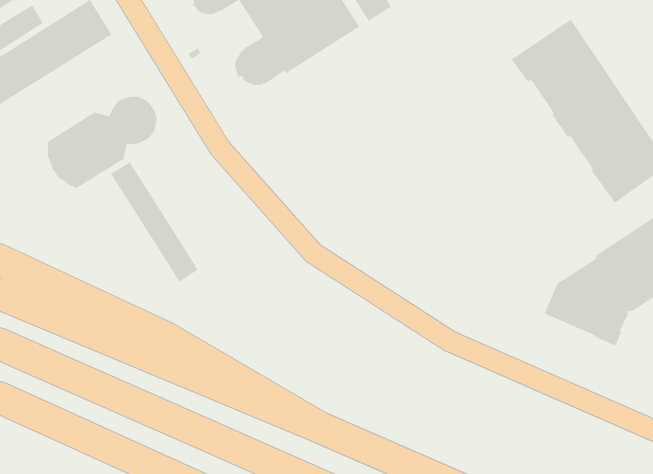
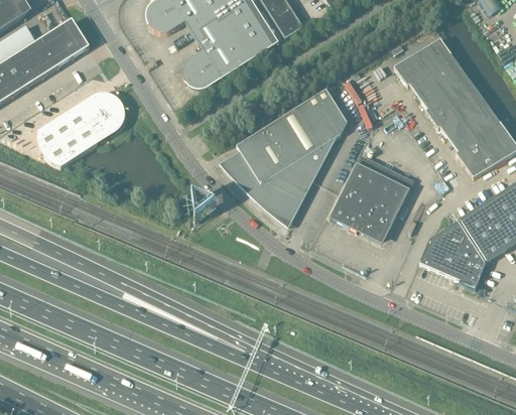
building: none -> [222,88,347,224]
building: [110,162,198,282] -> none
building: none -> [329,162,409,239]

